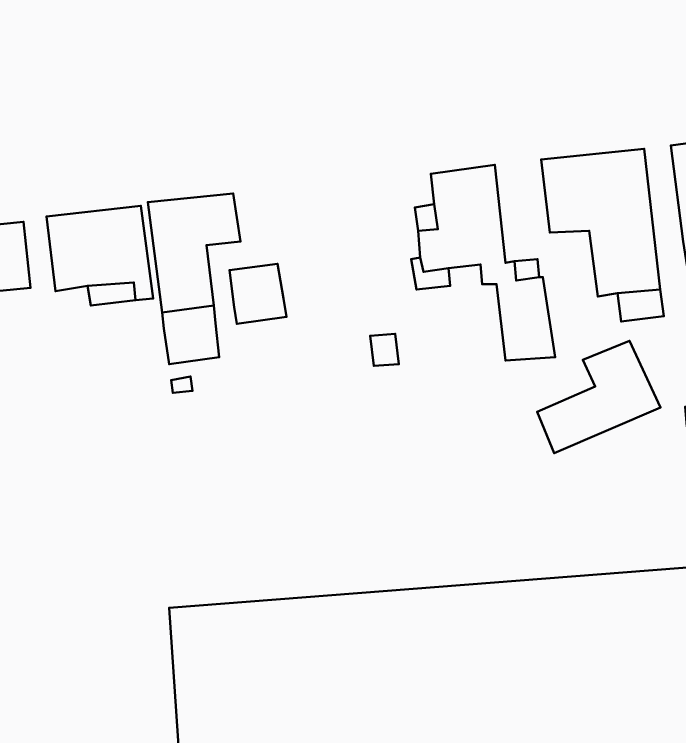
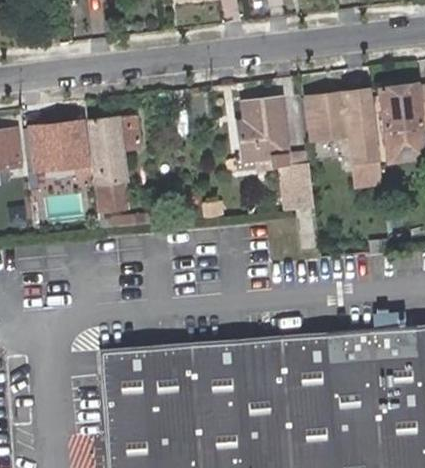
building: [230,264,287,324] -> none
building: [537,341,661,453] -> none

